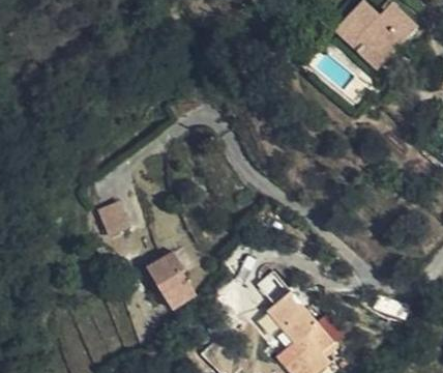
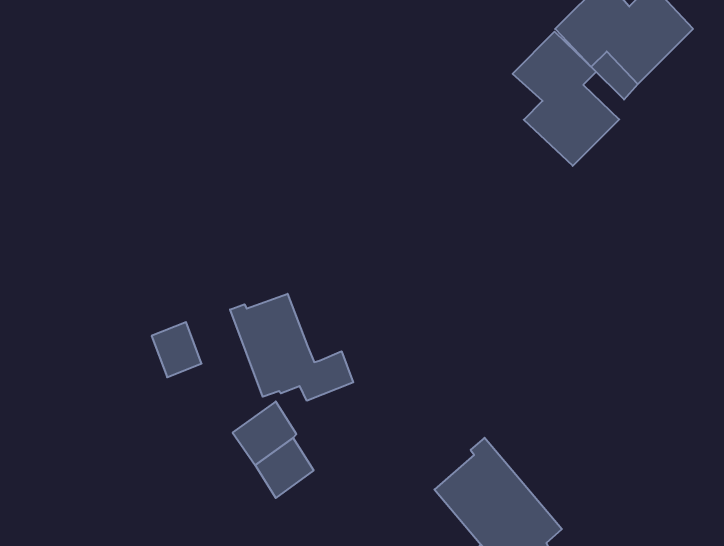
building: none -> [513,32,619,166]
building: none -> [230,294,353,401]

